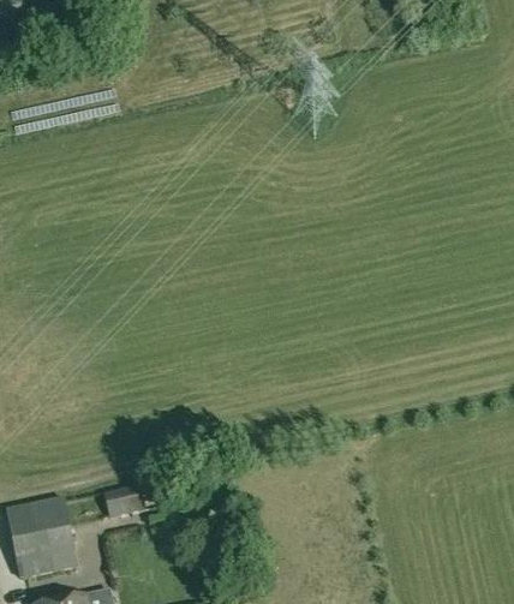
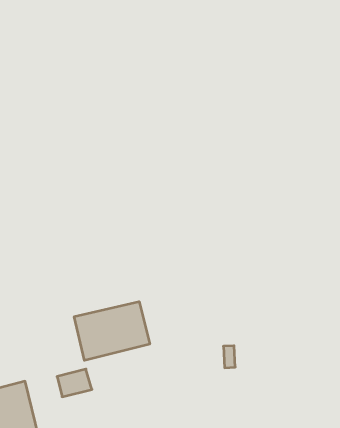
building: none -> [74,302,150,360]

